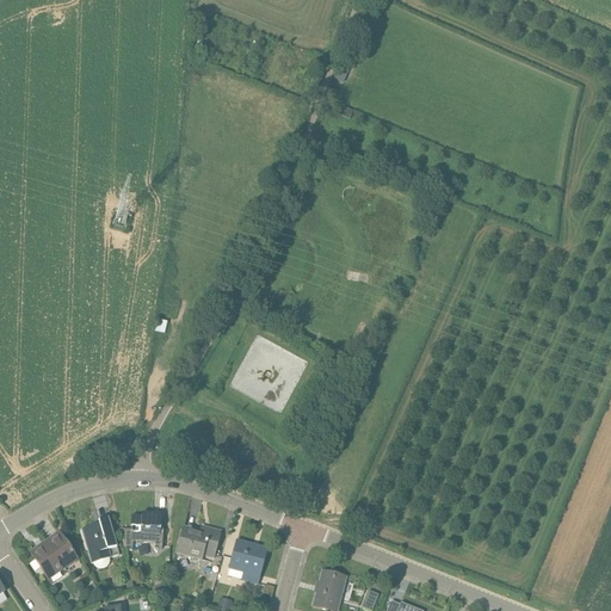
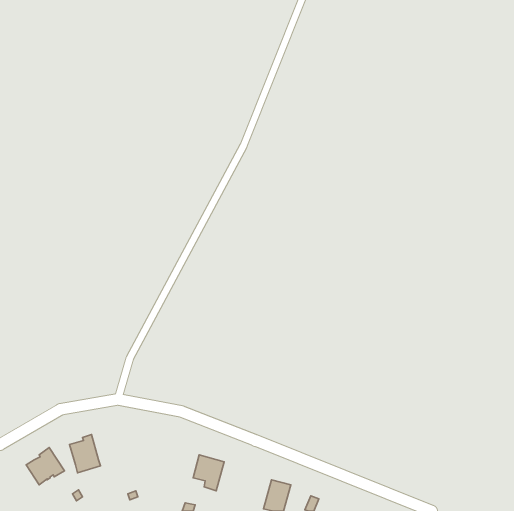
building: [121,511,163,551] -> none
building: [177,526,221,558] -> none

